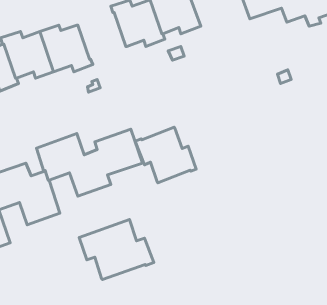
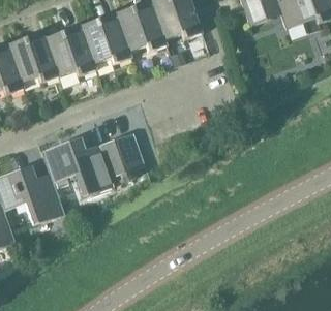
building: none -> [80,18,132,63]
building: [135,127,196,183] -> none
building: [79,219,154,280] -> none

